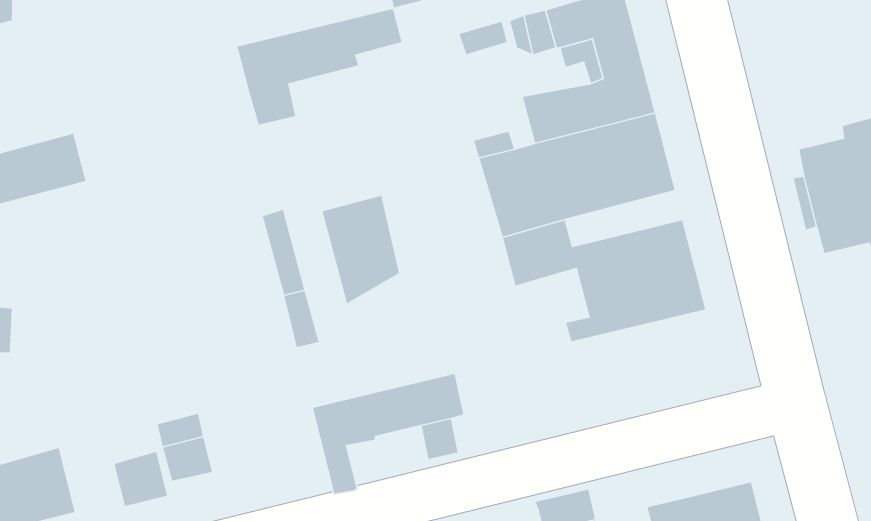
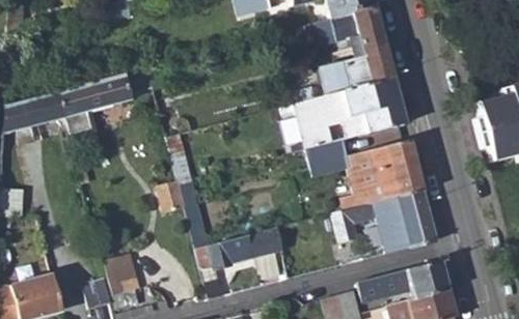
building: [236,8,403,126] -> [59,68,155,136]
building: [322,195,400,304] -> none
building: none -> [331,192,436,253]
building: none -> [358,262,448,302]

